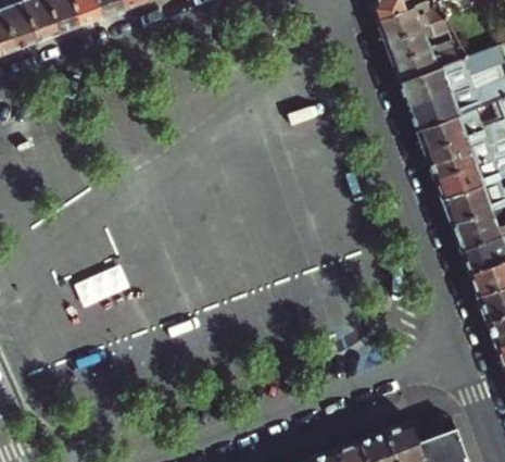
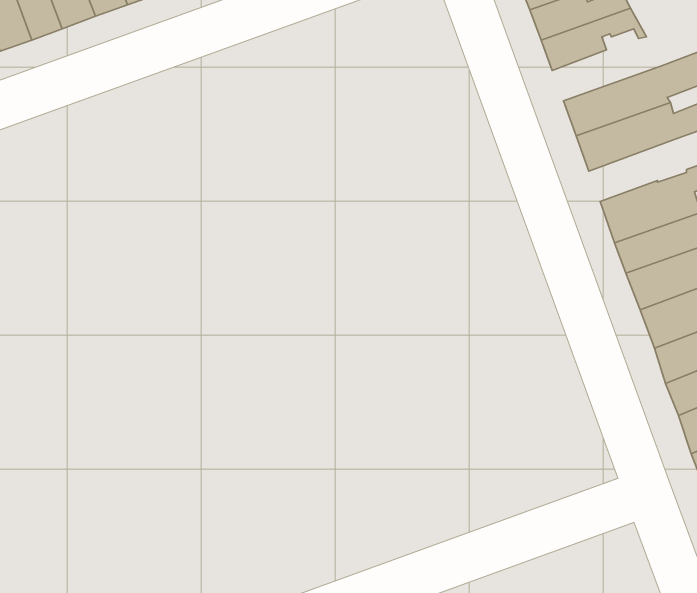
building: [393,39,468,83] -> none
building: [418,109,484,151] -> none

